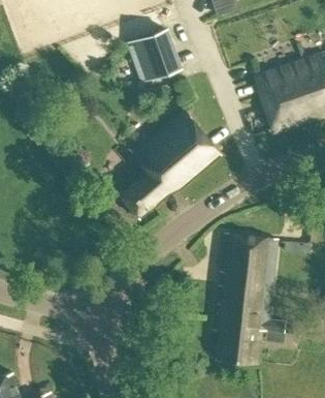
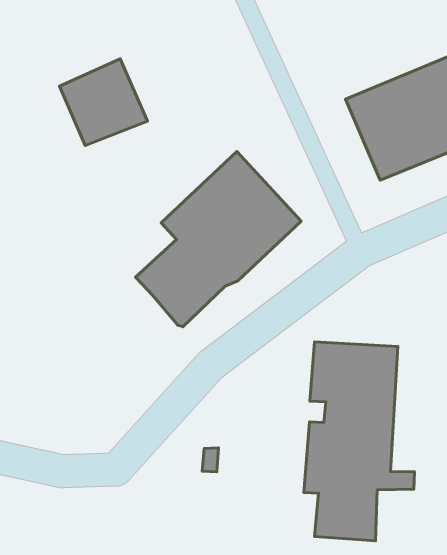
building: [127,29,183,84] -> [60,59,148,145]

